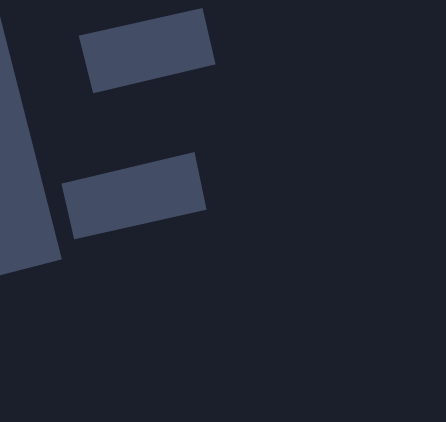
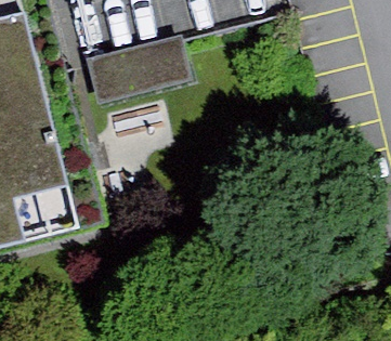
building: [60,151,208,240] -> none

